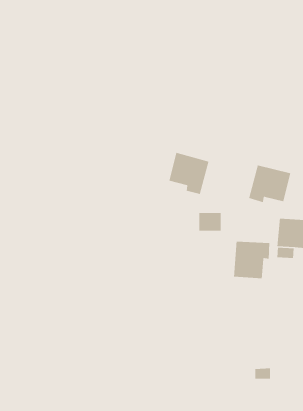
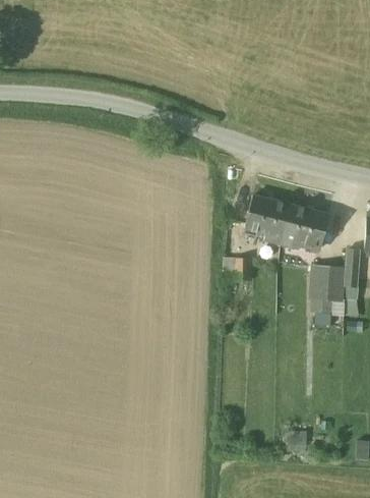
building: [168,152,210,195] -> [245,196,291,243]
building: [233,241,270,279] -> none

